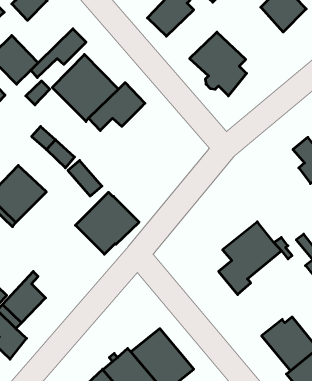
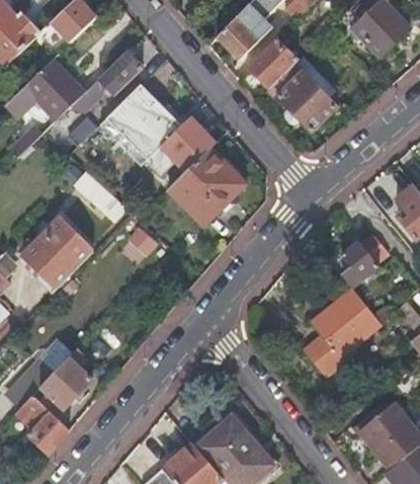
building: none -> [248,37,299,87]
building: none -> [343,242,381,290]
building: [75,192,139,254] -> [168,147,246,223]

